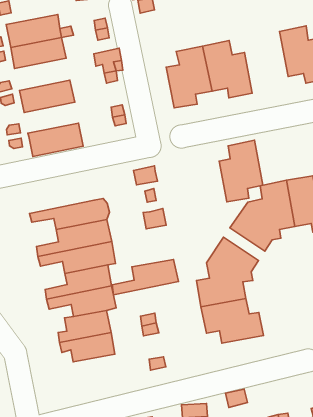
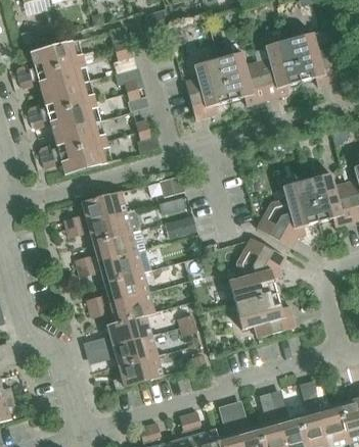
building: none -> [41,80,94,113]
building: none -> [53,120,105,153]
building: [219,140,263,202] -> [257,39,300,99]
building: [112,259,178,295] -> [63,191,126,229]
building: none -> [113,355,163,389]

